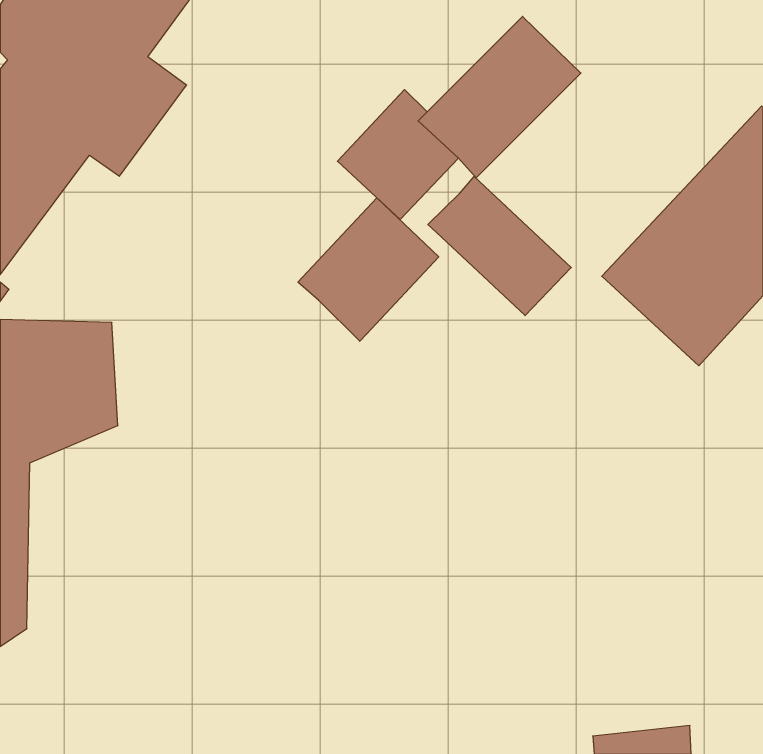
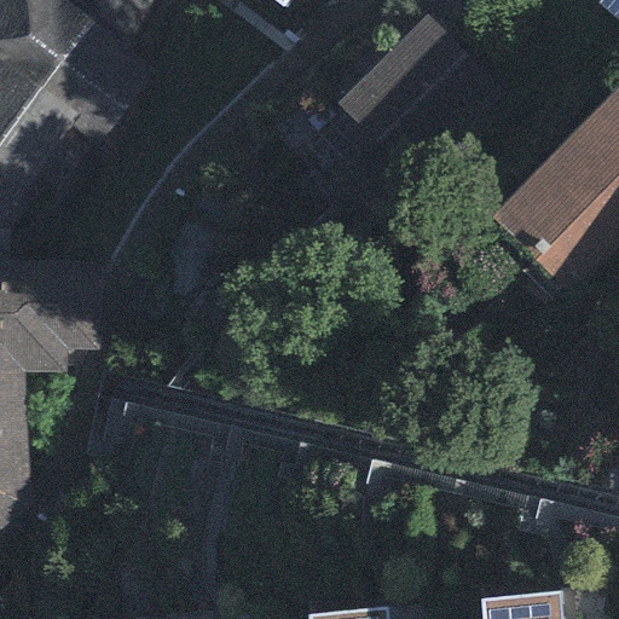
building: [428,177,571,316] -> none
building: [298,198,439,341] -> none

